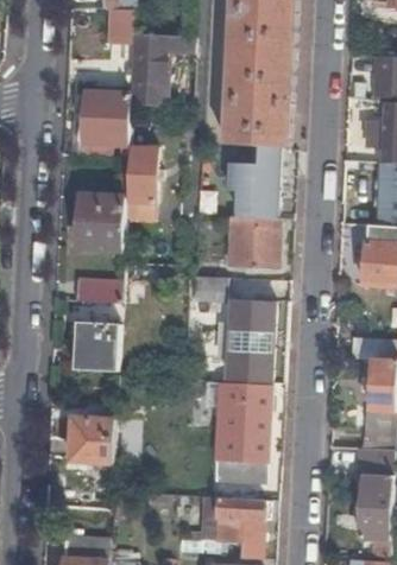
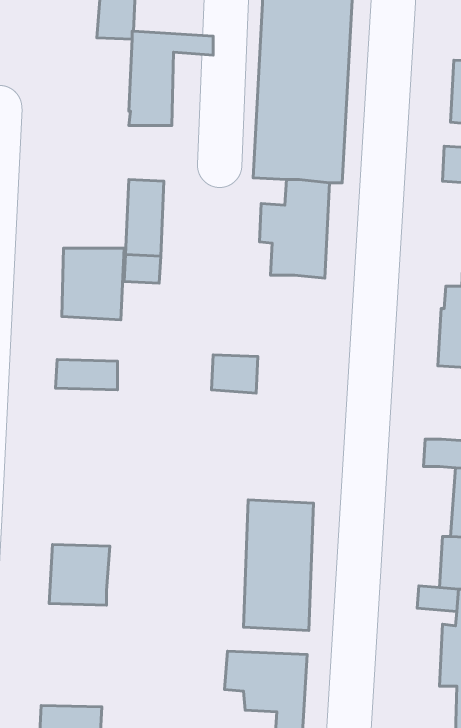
building: [76,94,131,158] -> none
building: [226,216,278,268] -> none
building: [232,299,273,383] -> none
building: [75,322,120,370] -> none

